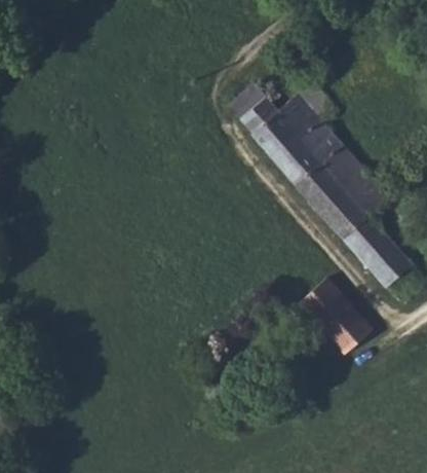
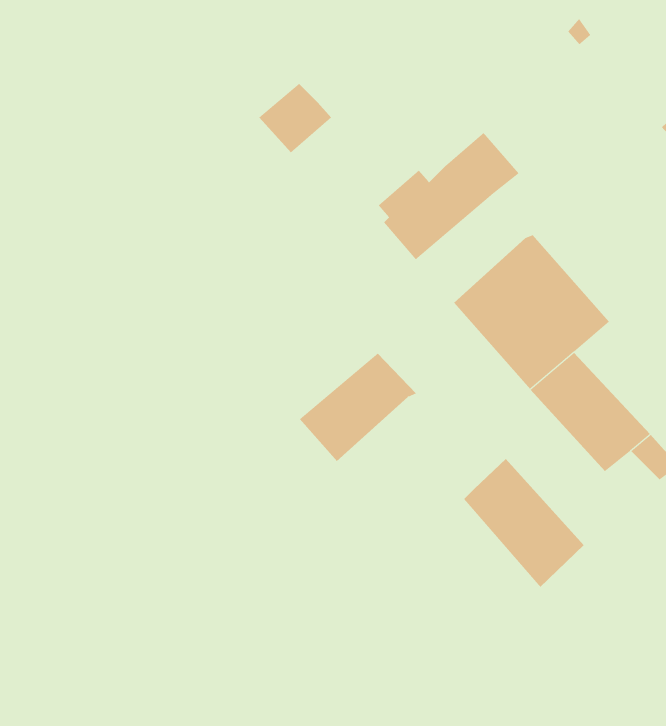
building: [229,83,273,125] -> [258,83,332,153]
building: [271,118,342,184] -> [299,353,417,462]

